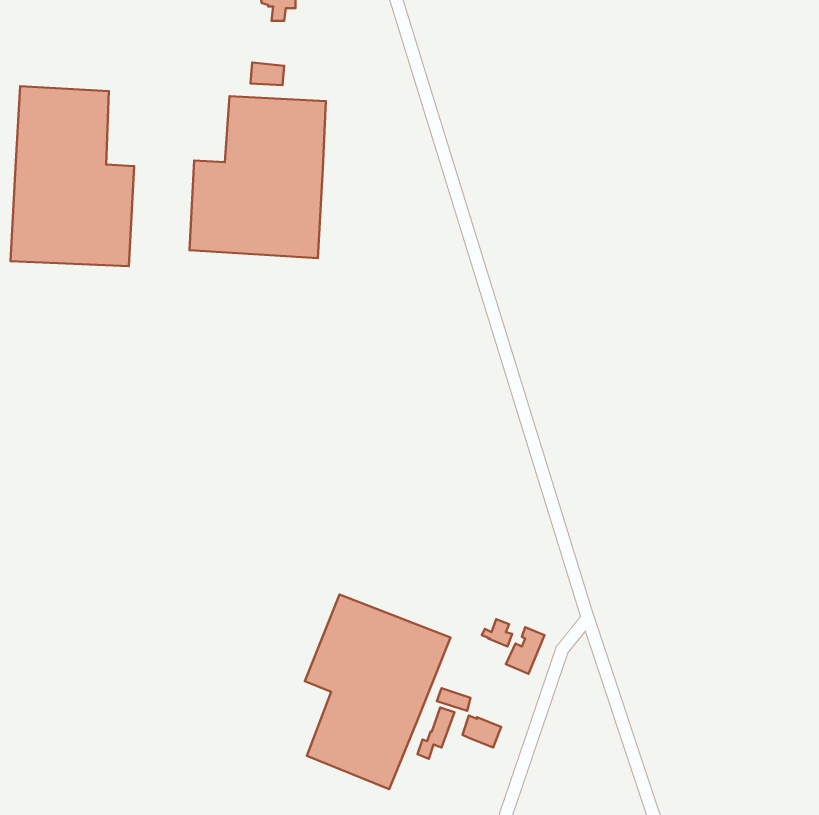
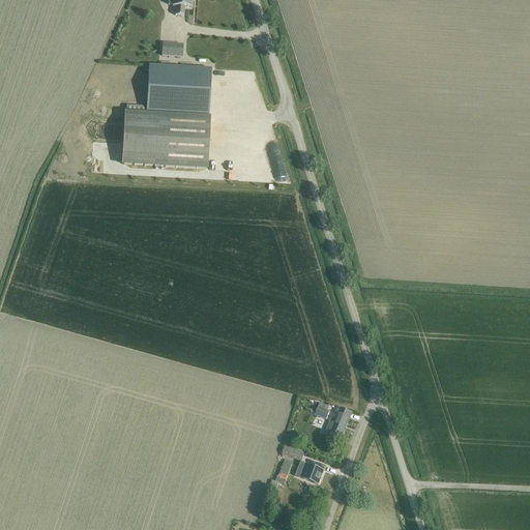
building: [11,86,134,266] -> none
building: [305,595,450,789] -> none

